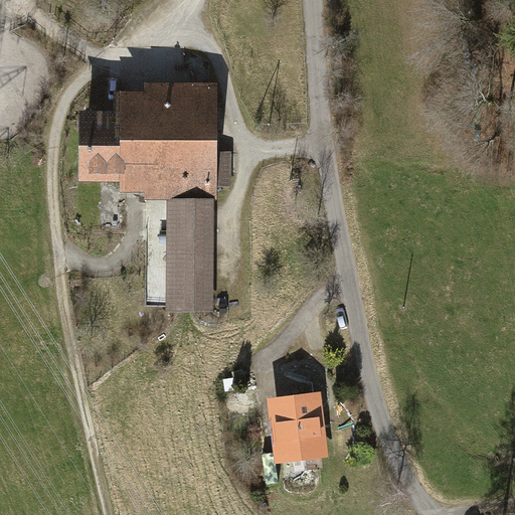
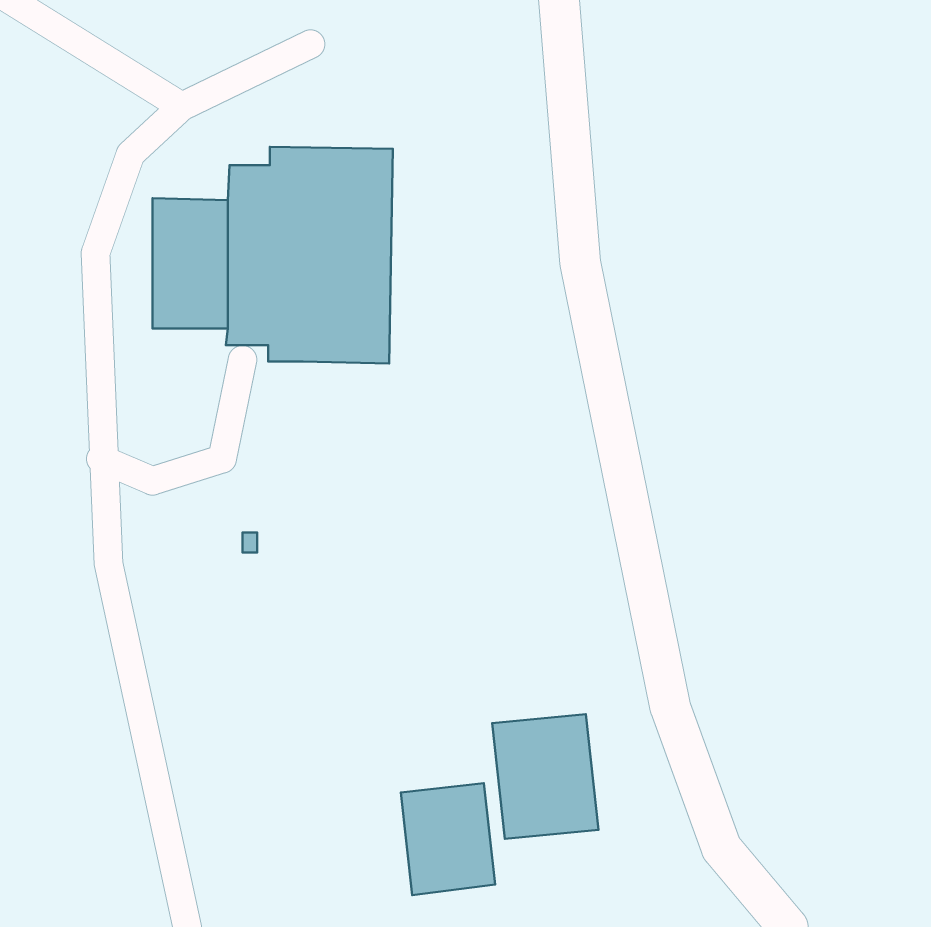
building: [165,198,213,311] -> none
building: none -> [401,783,495,895]

